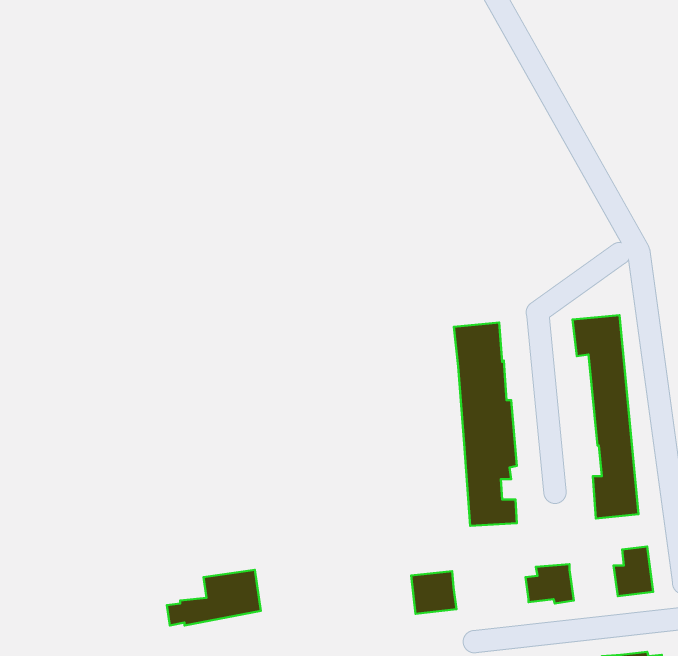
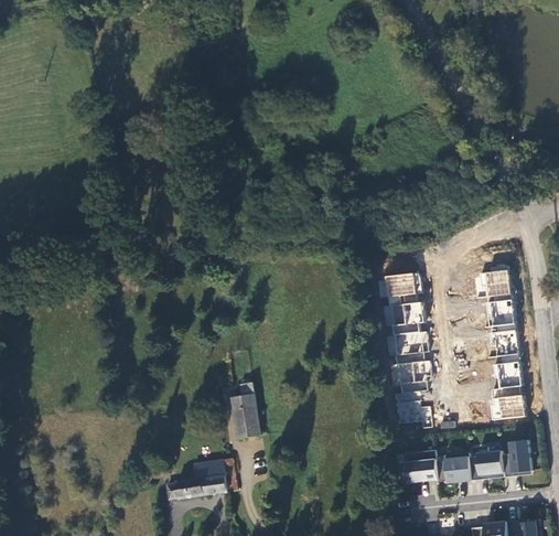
building: none -> [232,382,261,437]
building: none -> [470,451,506,481]
building: [411,571,456,614] -> [405,451,439,483]

